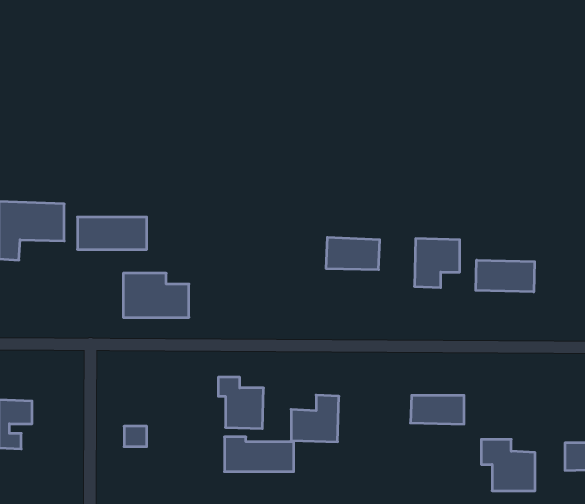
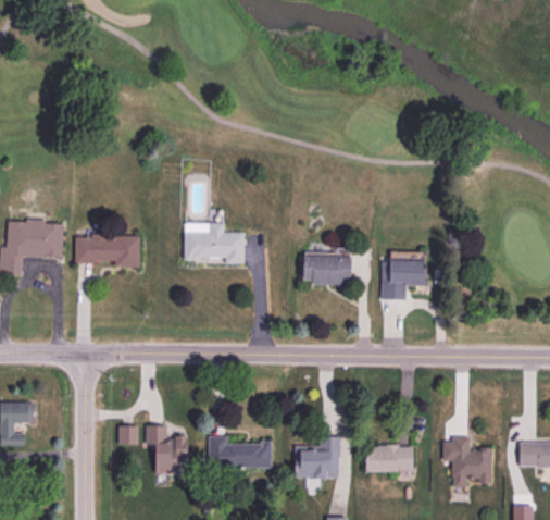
building: [476,260,535,292] -> none
building: [123,273,189,317] -> [184,221,243,261]
building: [218,377,264,429] -> [147,425,188,472]
building: [291,395,339,442] -> [296,435,339,478]
building: [410,395,464,424] -> [364,445,413,471]

